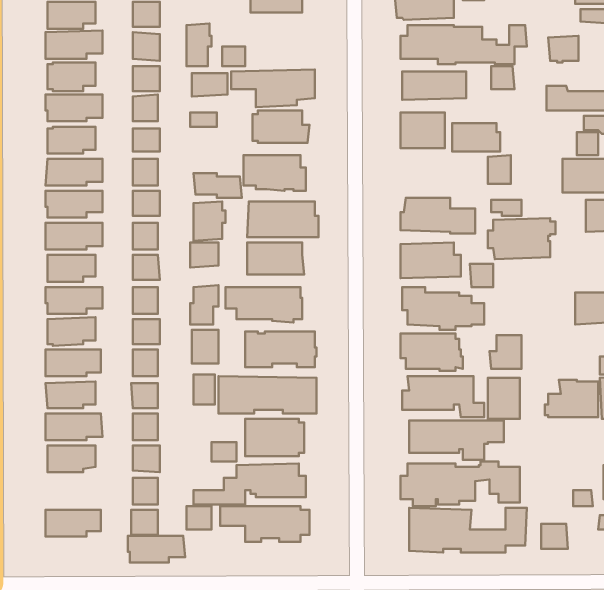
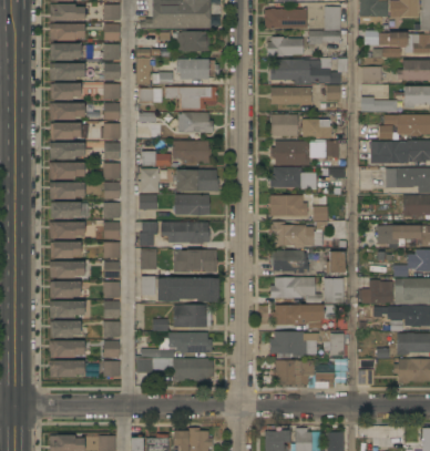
building: none -> [176,61,218,81]
building: [488,218,555,259] -> [270,141,313,166]
building: [128,536,185,563] -> [49,341,84,358]

